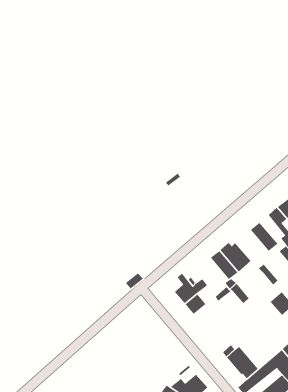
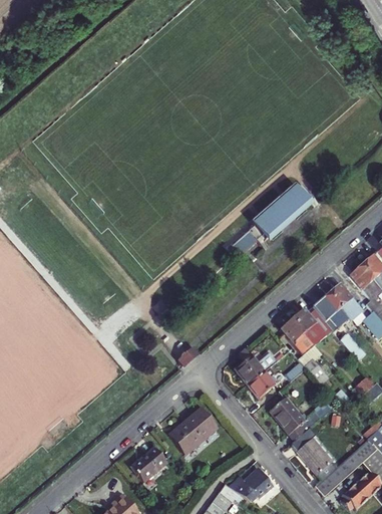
building: none -> [232,183,316,254]
building: none -> [317,293,346,323]
building: none -> [271,399,310,440]
building: none -> [170,407,215,449]
building: none -> [130,447,164,479]

